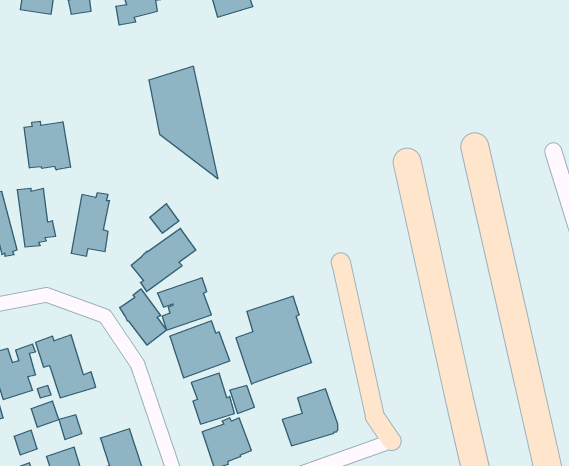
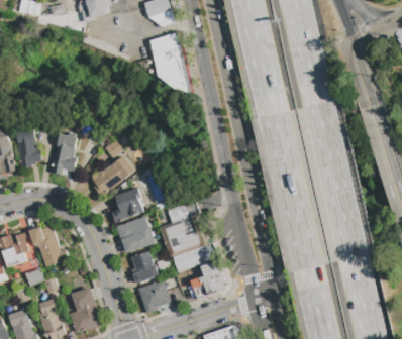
building: [149,66,218,179] -> [149,31,195,105]
building: [24,121,71,170] -> none
building: [120,289,167,345] -> none
building: none -> [172,242,218,272]

